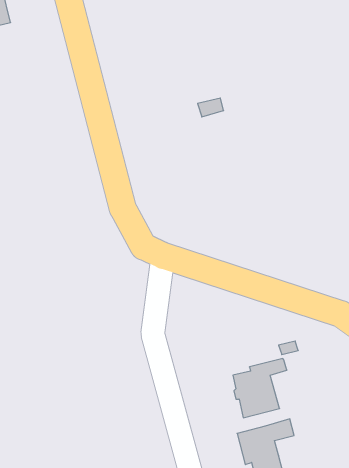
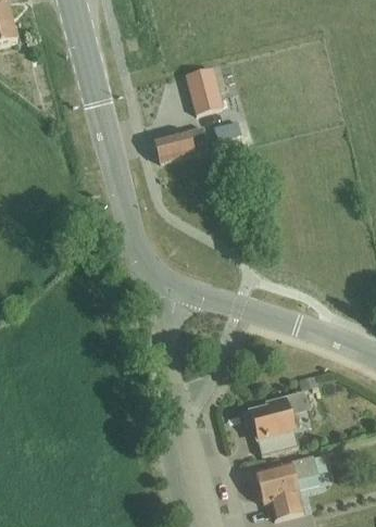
building: none -> [186,67,223,114]
building: none -> [154,126,209,162]

